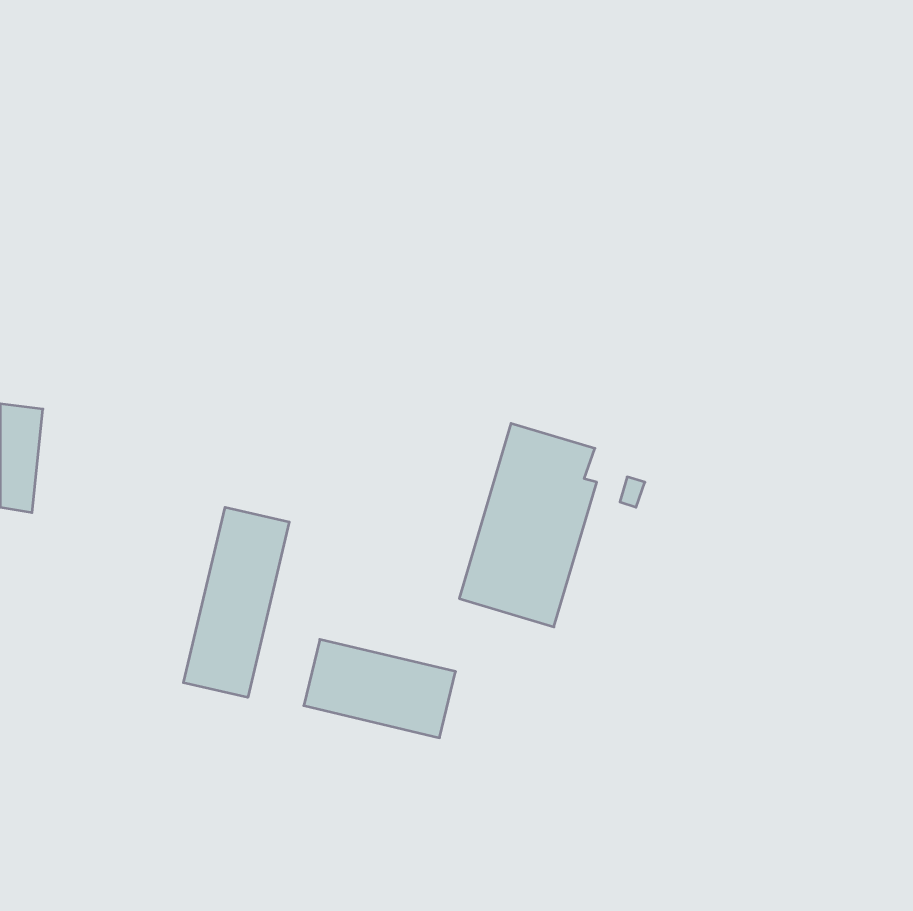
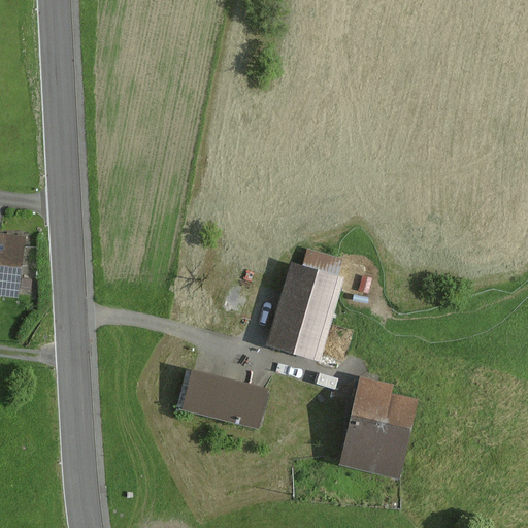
building: [183,507,289,697] -> none
building: none -> [338,376,419,480]

